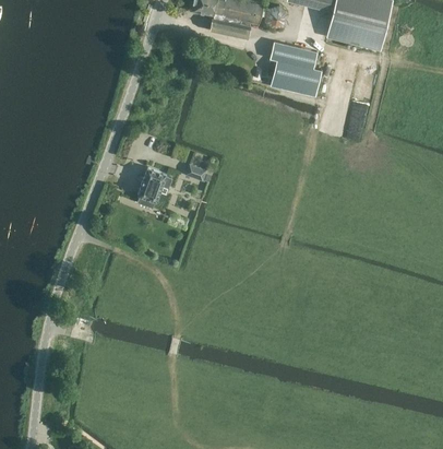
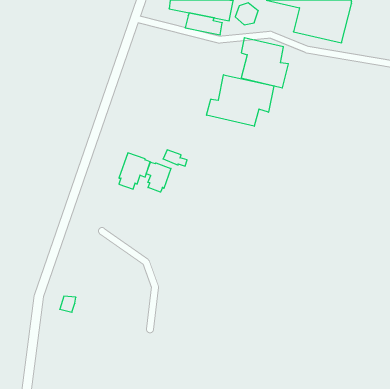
building: none -> [207,75,274,126]
building: none -> [146,162,171,192]

